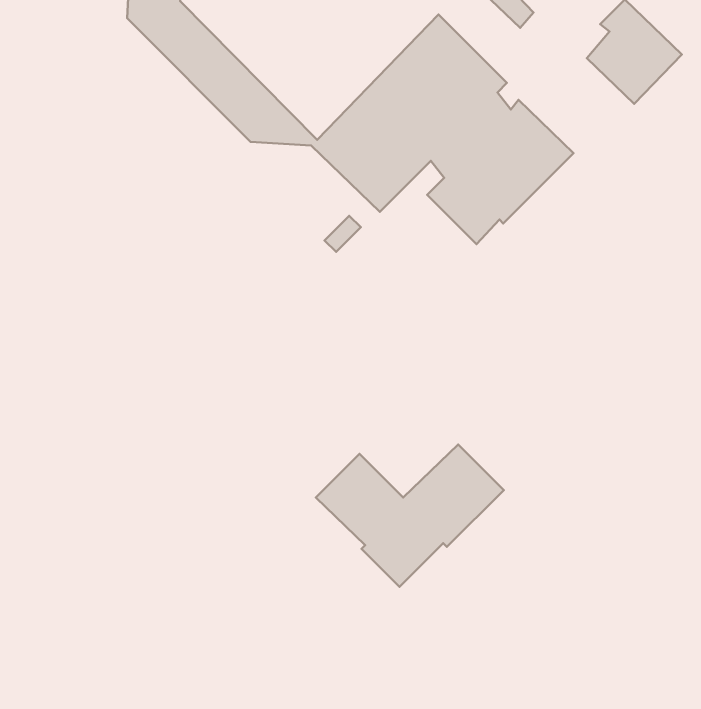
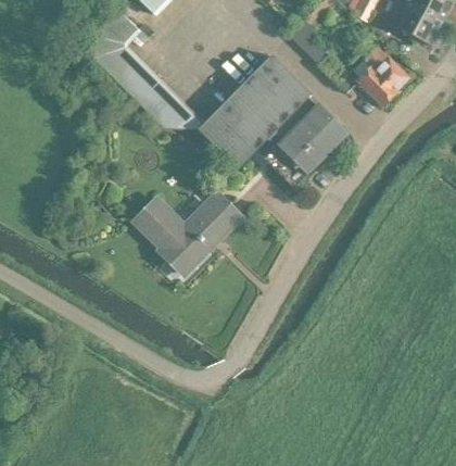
building: [316,444,504,587] -> [134,191,241,273]

